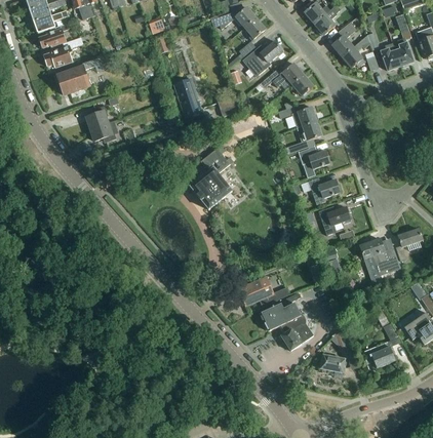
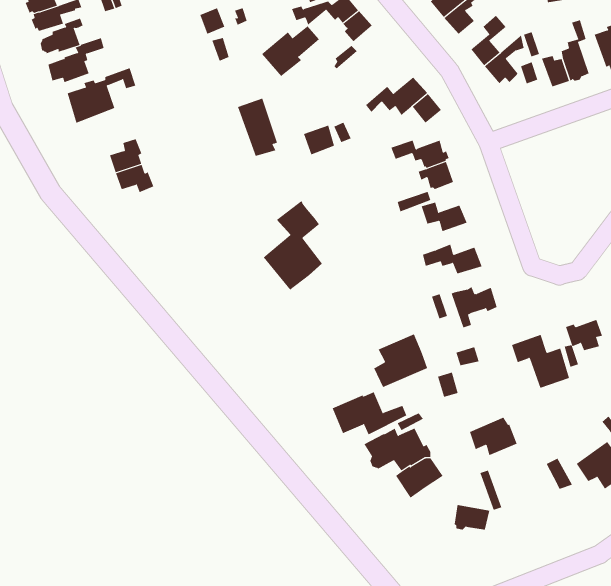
building: [243,40,283,75] -> [261,25,320,77]
building: none -> [373,334,428,388]
building: [363,341,396,367] -> [469,417,517,456]

